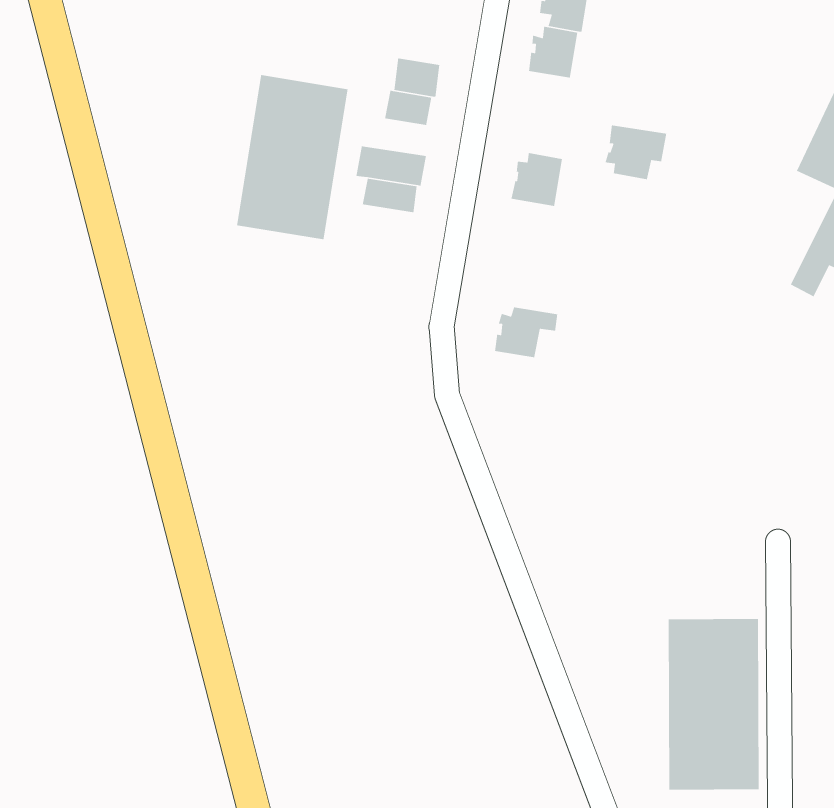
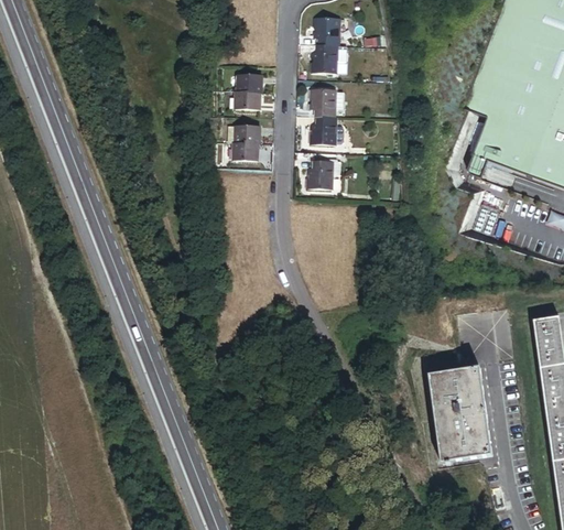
building: [236,74,348,240] -> none
building: [604,124,667,180] -> [310,89,343,118]
building: [494,306,558,358] -> [308,165,341,193]

